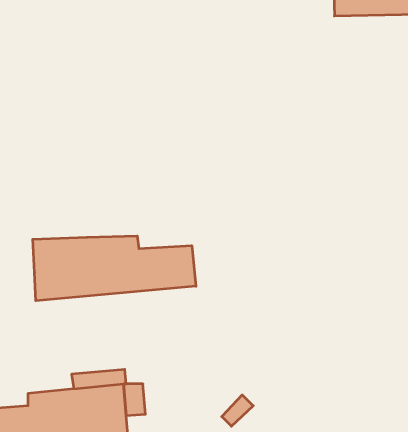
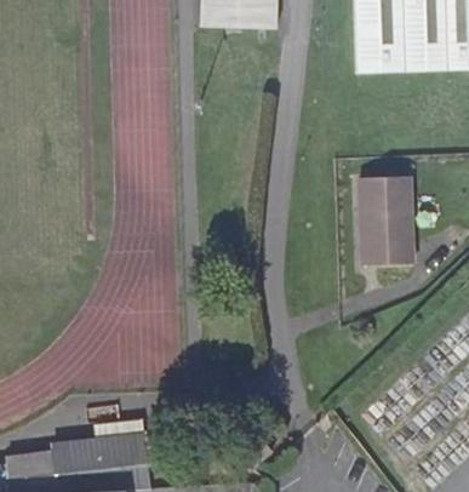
building: none -> [361,172,413,253]
building: [33,236,196,301] -> none

